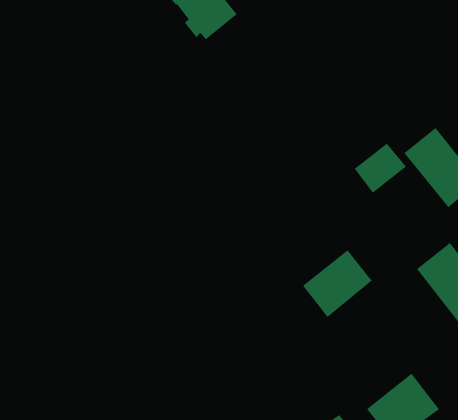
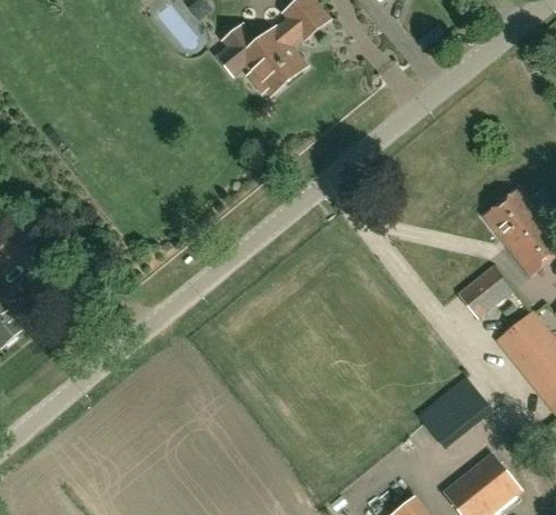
building: [354,143,407,194] -> [456,265,513,319]
building: [302,249,373,318] -> [415,376,490,449]

